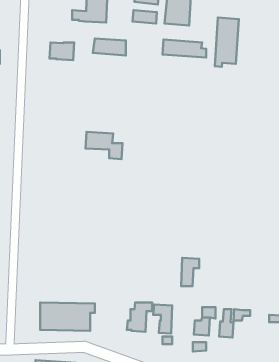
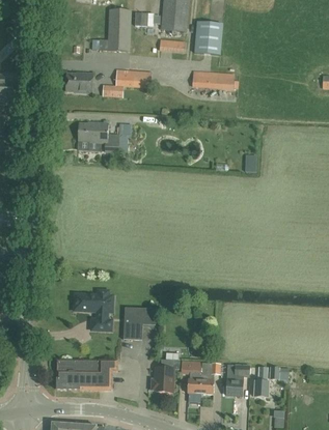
building: [215,18,239,67] -> none
building: [86,132,122,159] -> [78,121,118,151]
building: none -> [74,289,112,329]
building: none -> [122,306,155,338]
building: [181,258,199,286] -> [200,362,220,393]

